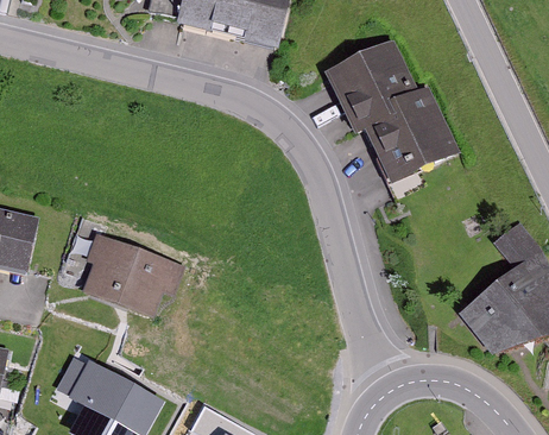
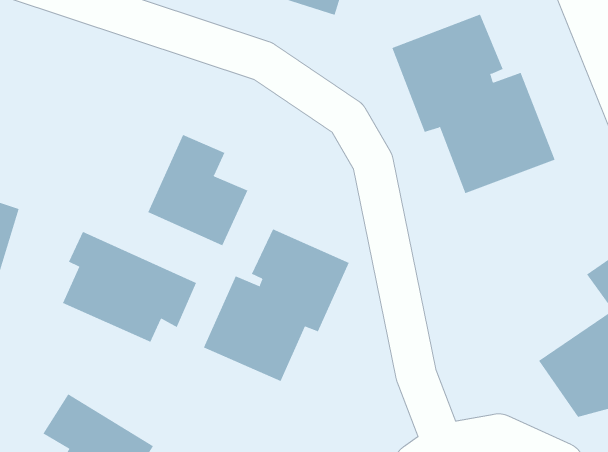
building: none -> [148,134,248,246]
building: none -> [203,229,350,382]

